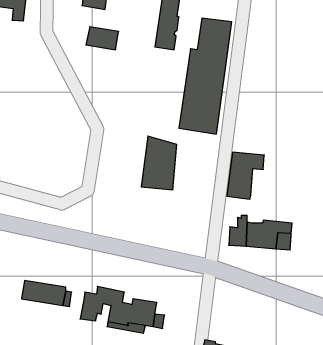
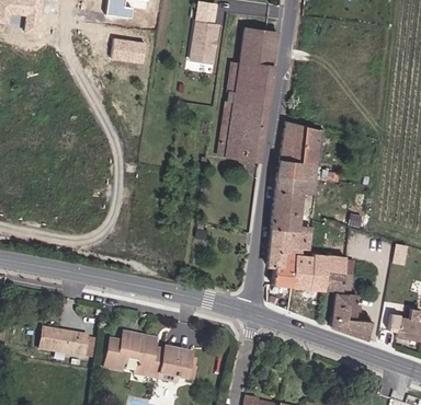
building: [141,136,177,190] -> [278,122,319,183]
building: none -> [269,230,314,266]
building: none -> [329,293,368,339]

